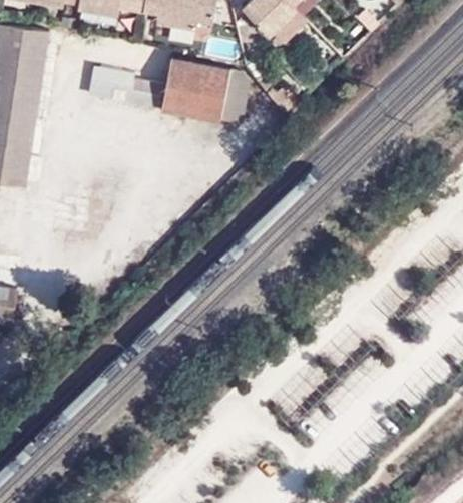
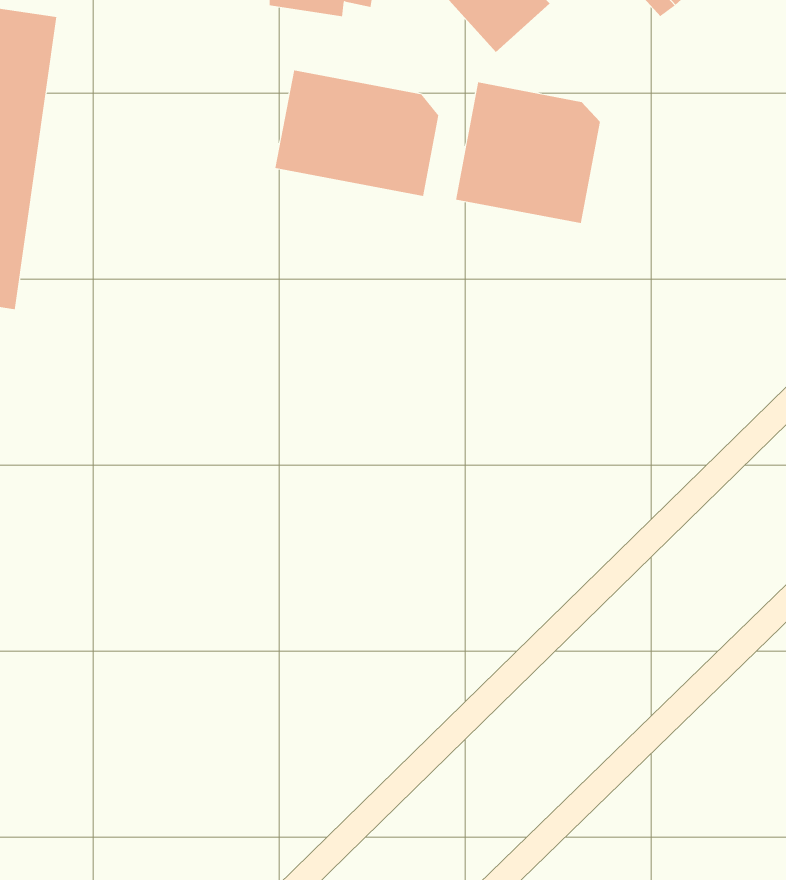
building: none -> [455,81,600,224]

